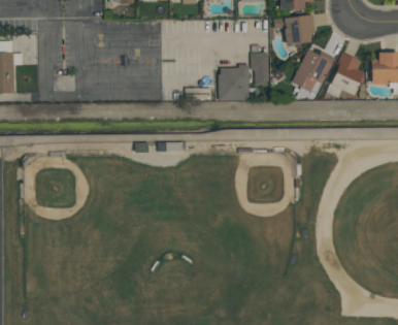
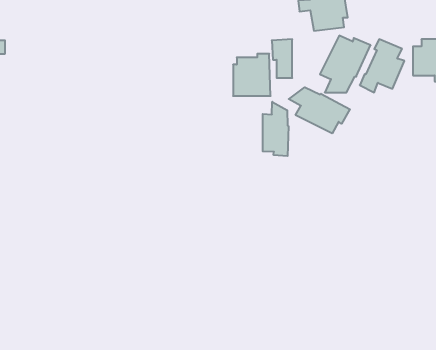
building: none -> [289,87,350,133]
building: none -> [263,102,288,156]

